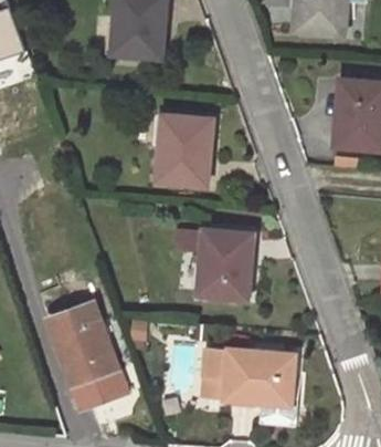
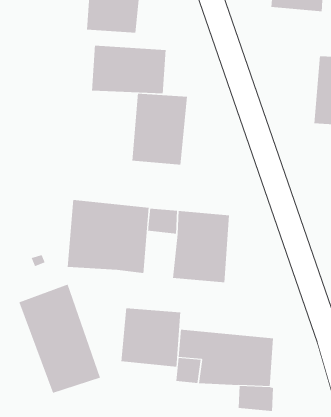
building: none -> [91,45,166,94]
building: none -> [67,199,149,274]
building: none -> [121,308,181,367]

